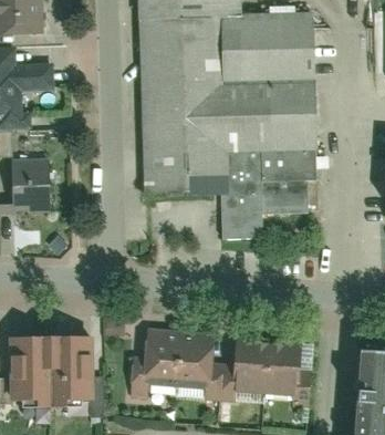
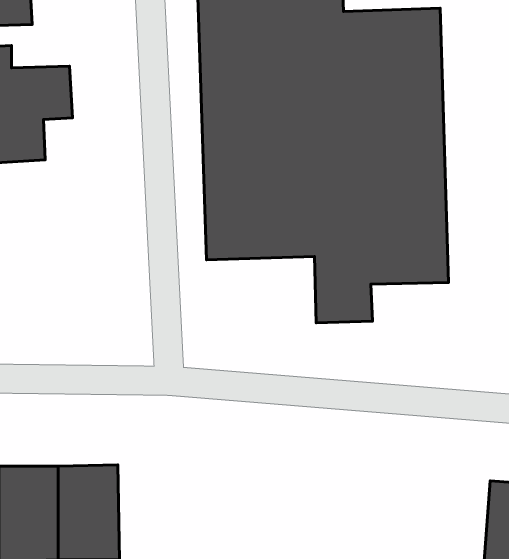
building: [14,160,53,210] -> none
building: [142,331,304,394] -> none

